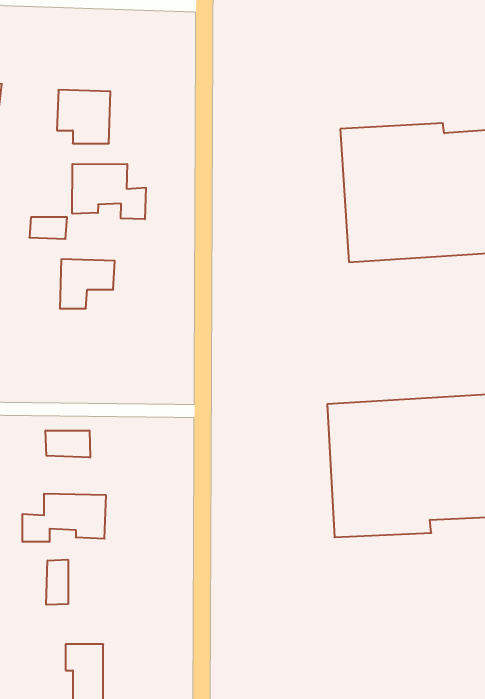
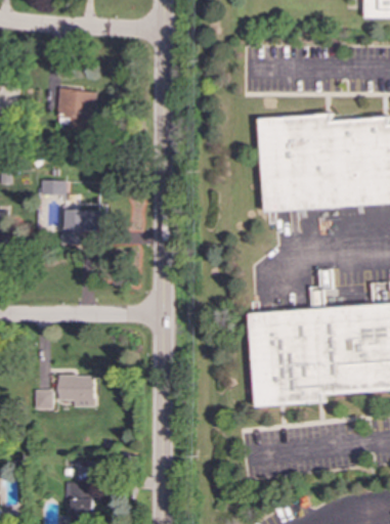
building: [72,164,146,219] -> none
building: [46,430,90,458] -> none
building: [46,560,68,605] -> none

